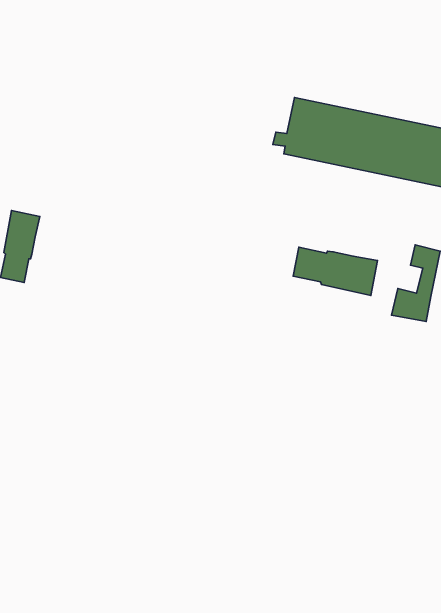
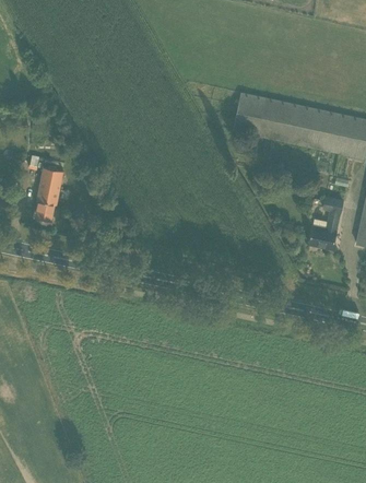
building: [293,247,378,295] -> none

